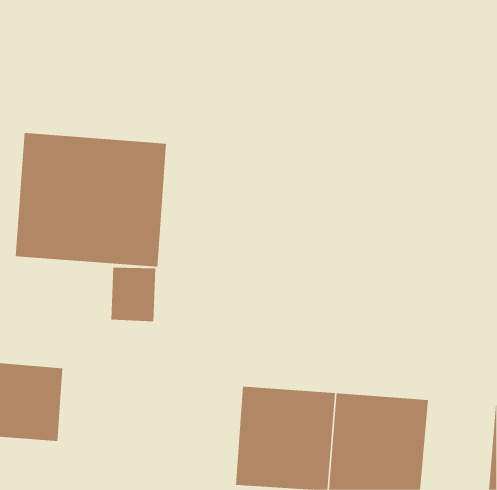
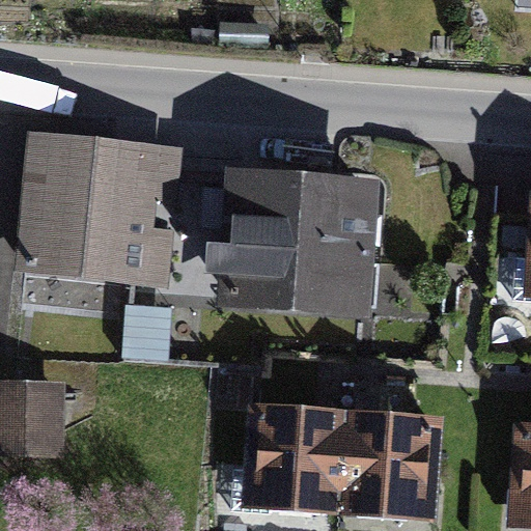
building: none -> [220,171,381,311]

